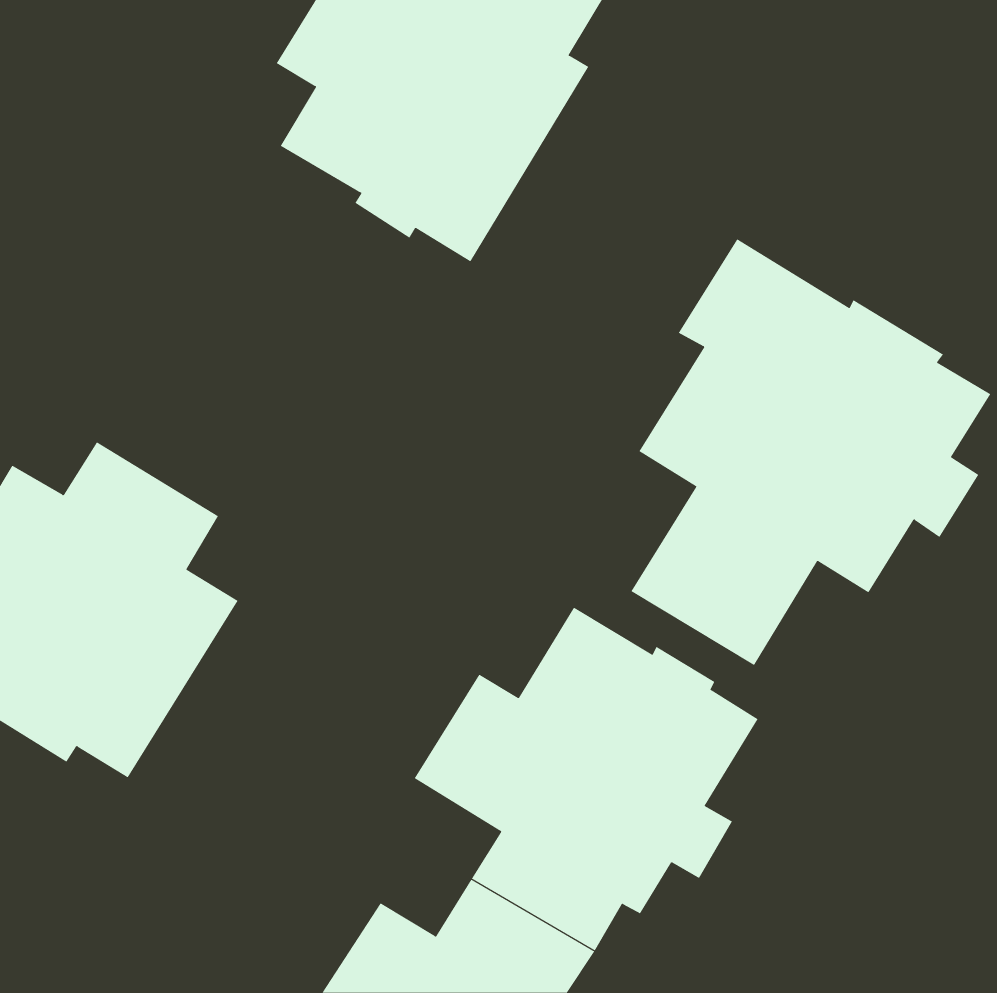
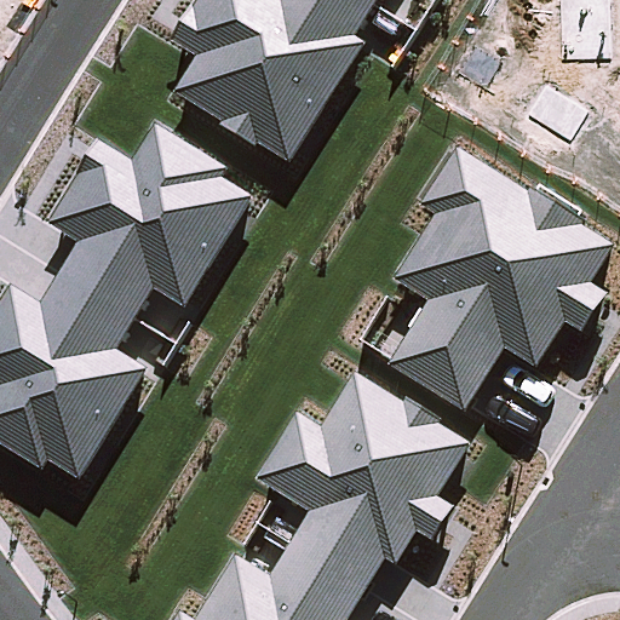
building: none -> [46,124,252,317]

